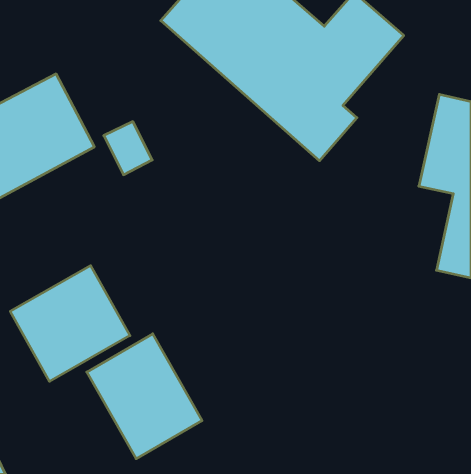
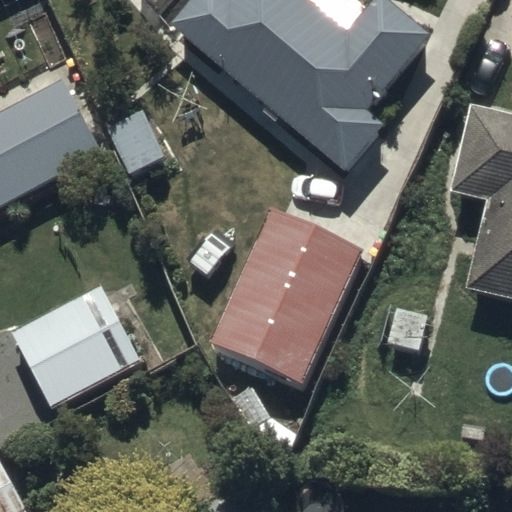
building: none -> [212,207,364,384]
building: [87,334,202,459] -> none

